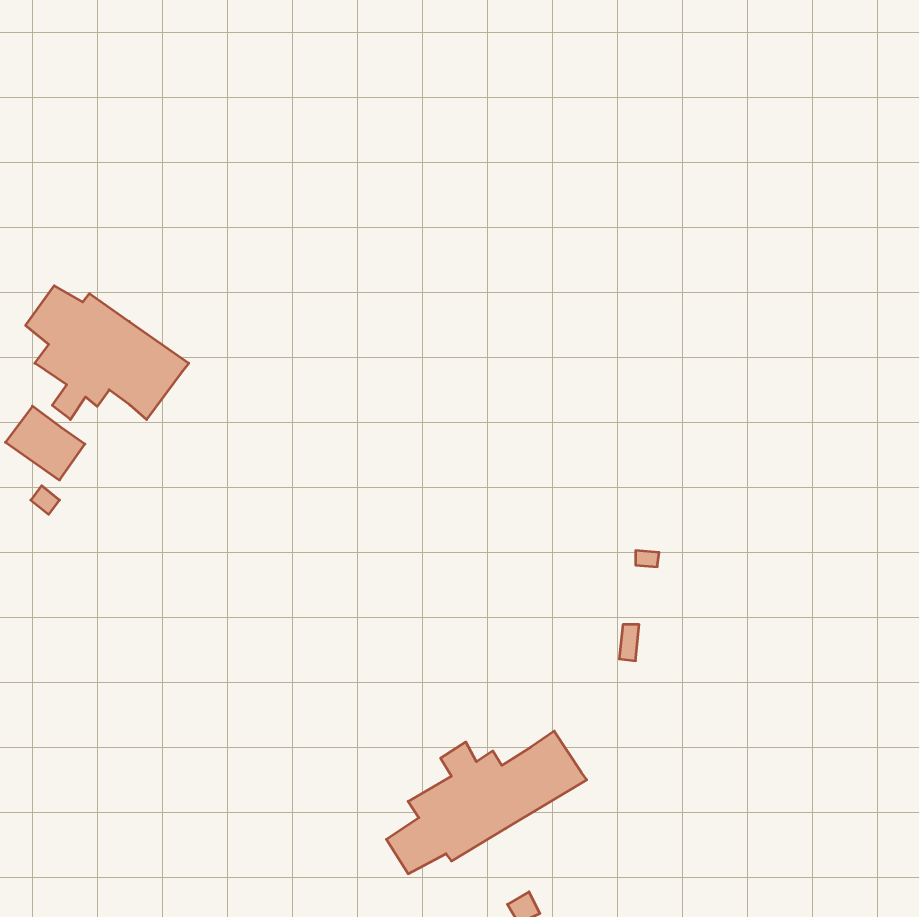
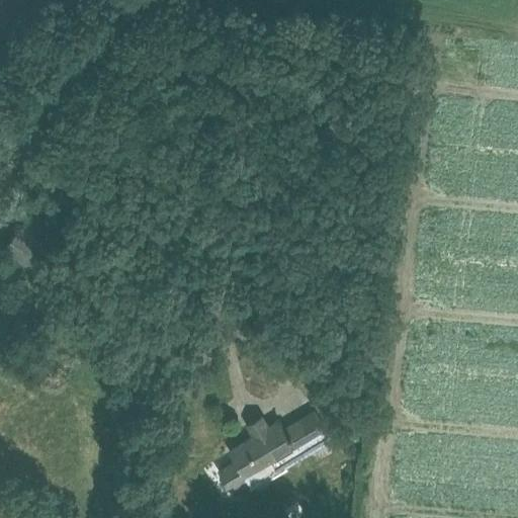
building: [26,286,189,420] -> none

